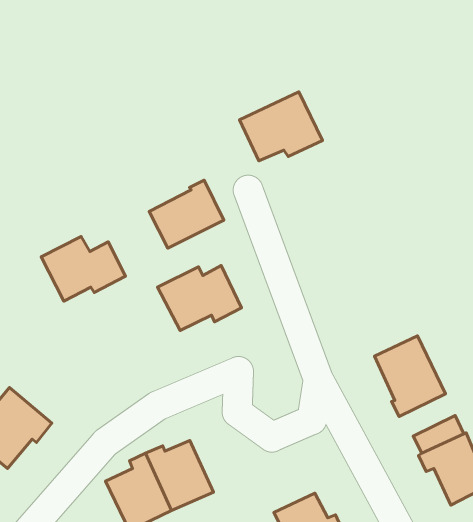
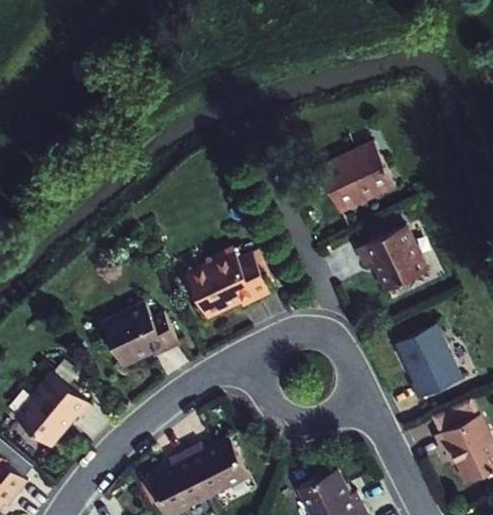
building: [240,92,323,161] -> [320,144,397,208]
building: [149,180,224,248] -> none
building: none -> [357,226,427,291]
building: [41,236,125,301] -> [100,308,178,368]

